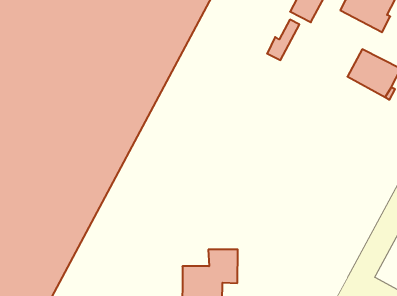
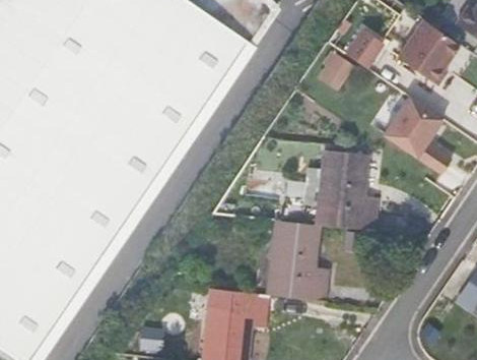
building: none -> [317,151,374,230]
building: none -> [265,220,326,299]

